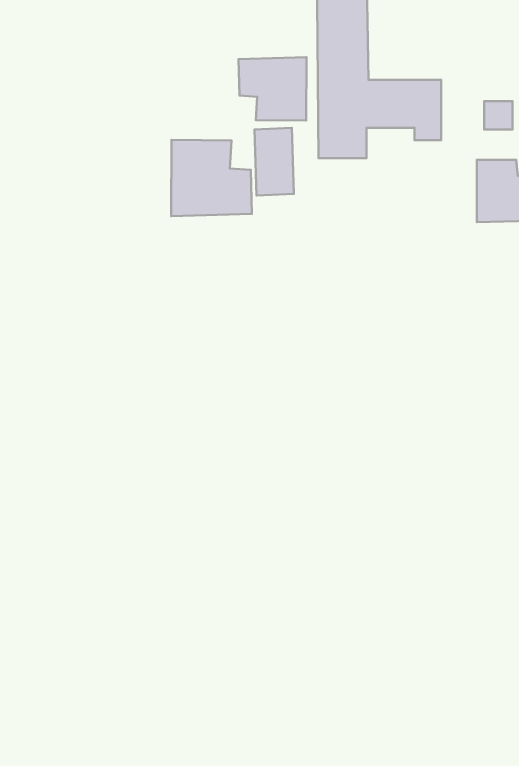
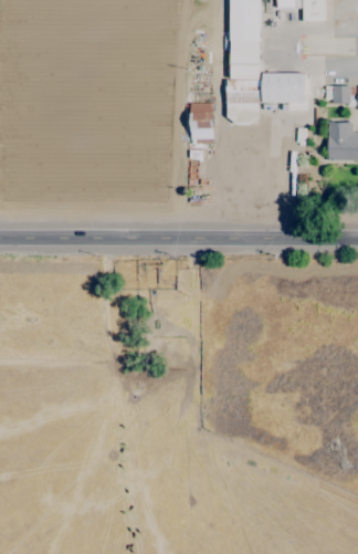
building: [239,57,306,120] -> none
building: [171,140,252,216] -> none

